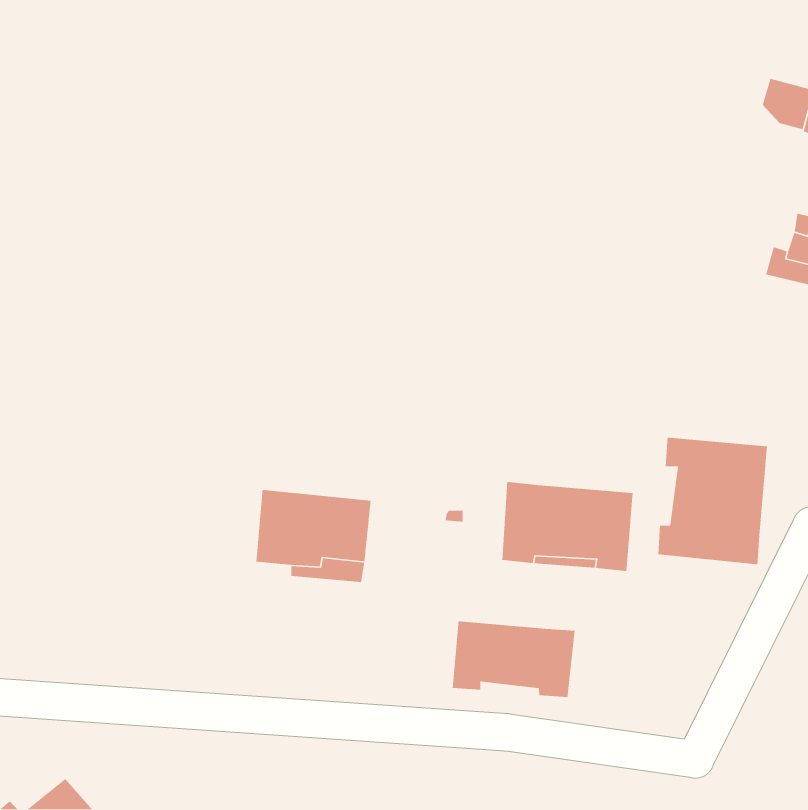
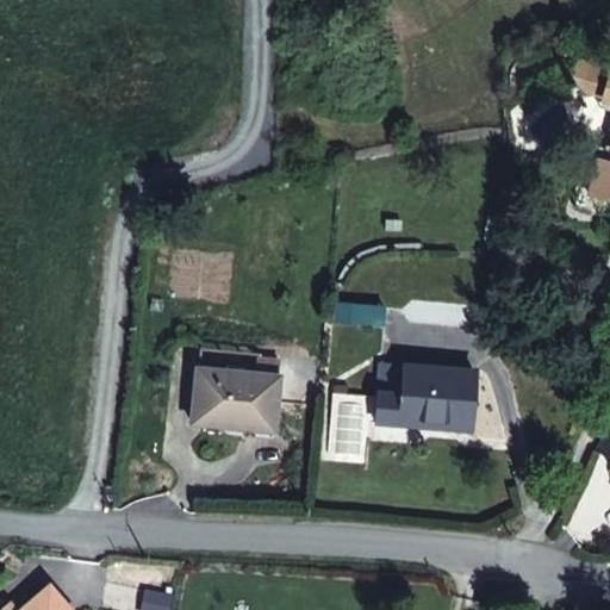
building: [657,437,768,565] -> none
building: [452,621,576,698] -> none

